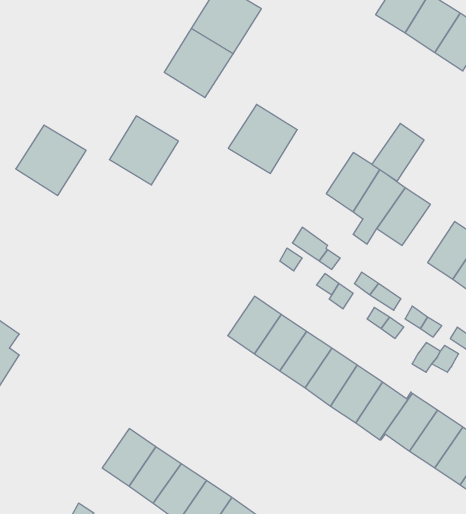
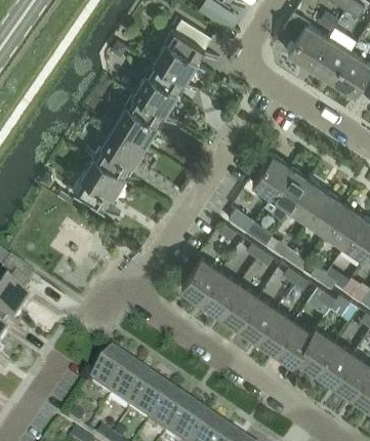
building: [228,104,297,173] -> [114,96,164,147]
building: [372,123,424,181] -> [307,193,345,235]
building: [16,125,86,195] -> [74,160,125,211]

